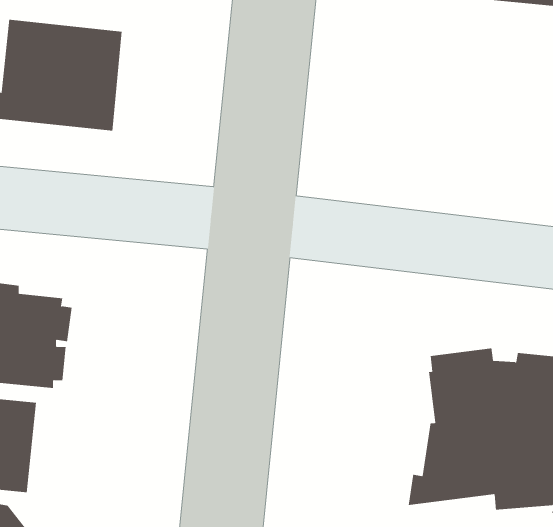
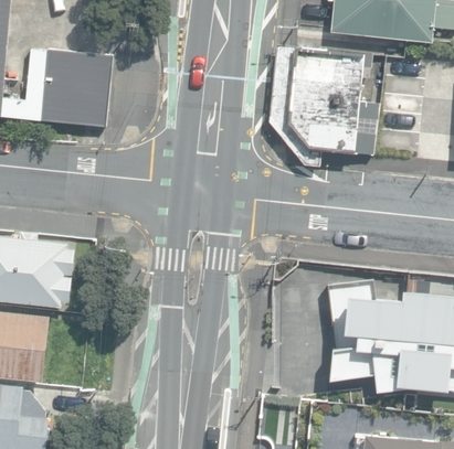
building: none -> [270,46,373,167]

